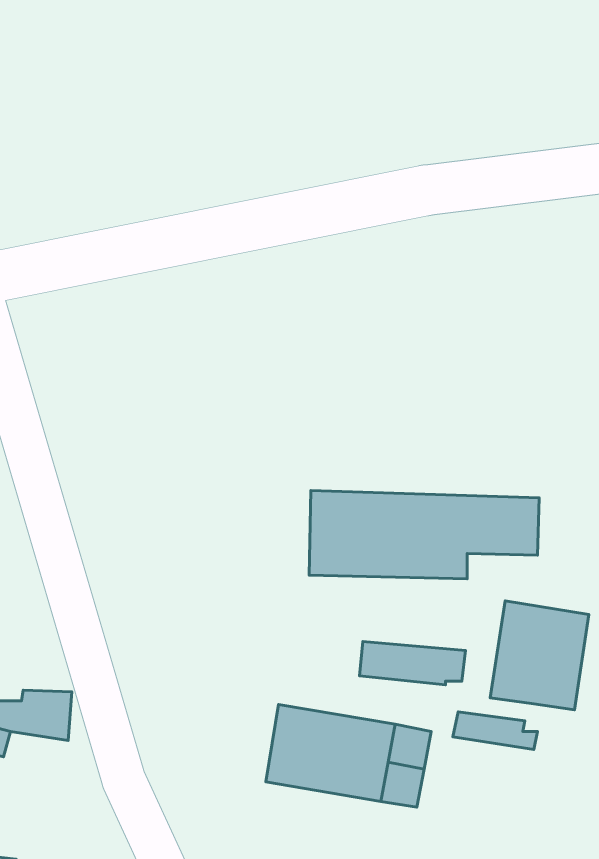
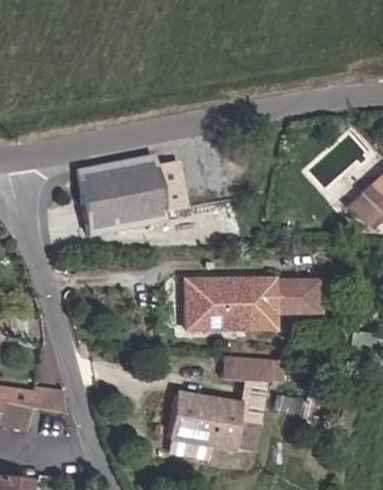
building: none -> [77,157,163,231]
building: [490,601,589,710] -> none

